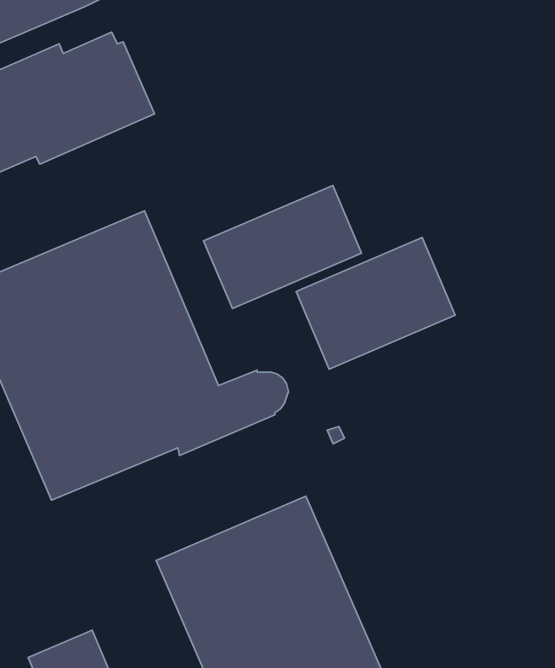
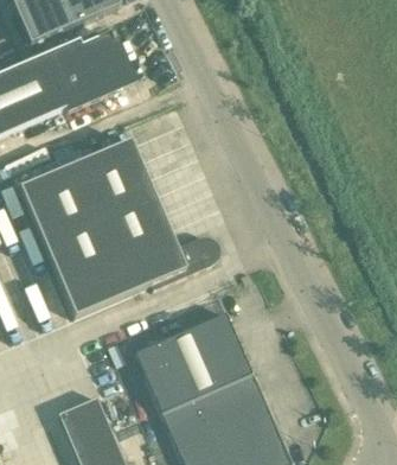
building: [204,186,361,309] -> none
building: [296,238,455,369] -> none

